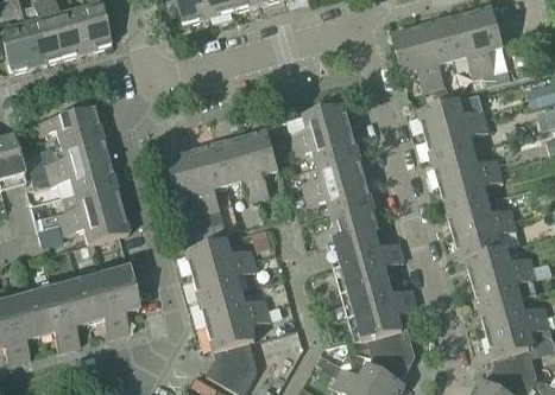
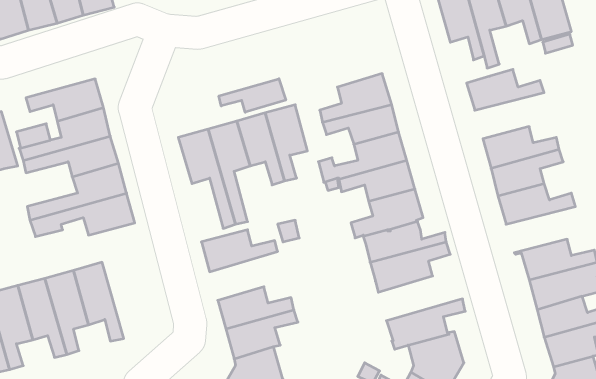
building: none -> [219,79,286,112]
building: [425,119,488,159] -> none
building: [453,218,516,259] -> none
building: [194,257,257,300] -> none
building: [100,260,139,333] -> none
building: [341,279,415,318] -> none

